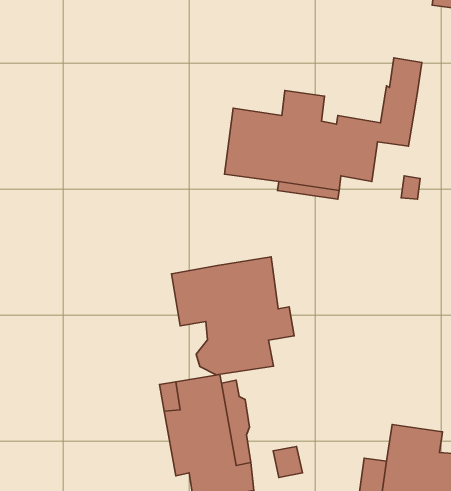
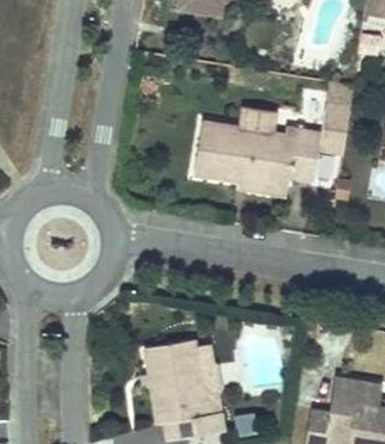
building: [171,257,294,375] -> none

